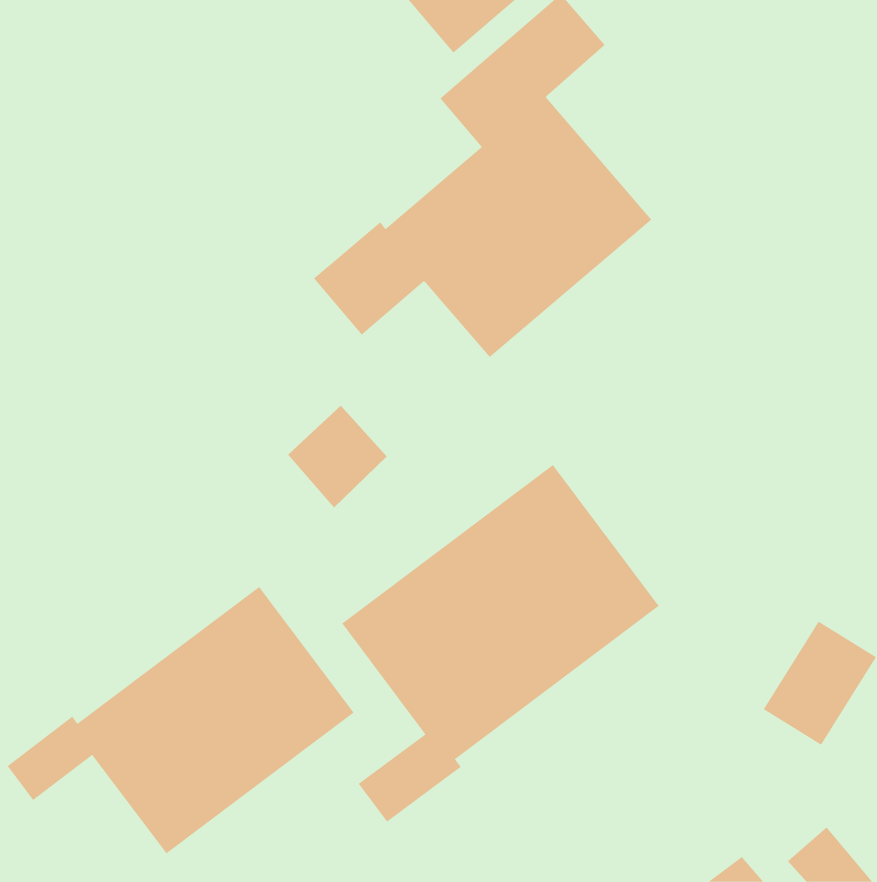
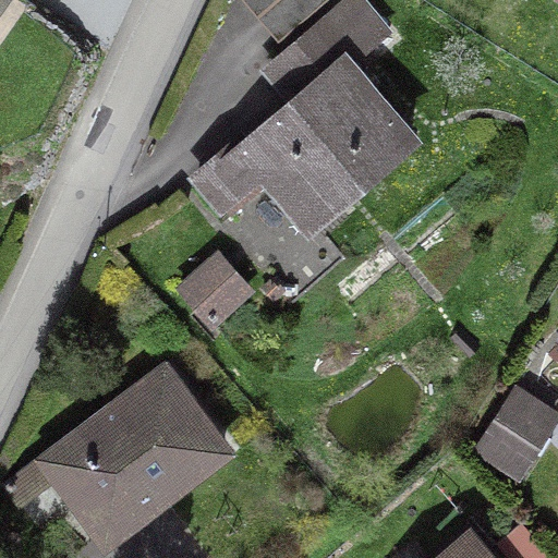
building: [341,464,660,822] -> none

